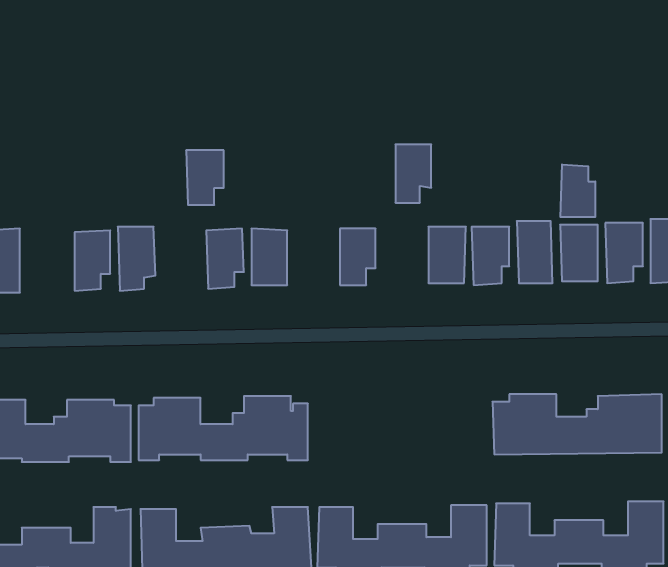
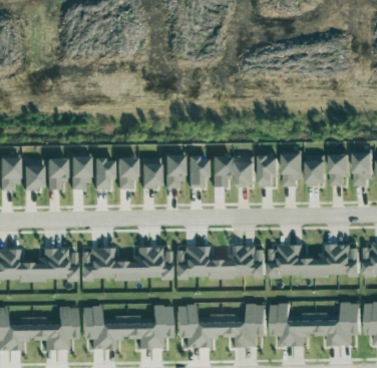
building: [395,144,431,203] -> [214,155,233,187]
building: [186,150,224,205] -> [94,158,114,188]
building: [560,164,595,217] -> none
building: none -> [165,153,184,188]
building: none -> [24,158,43,189]
building: none -> [176,245,267,279]

